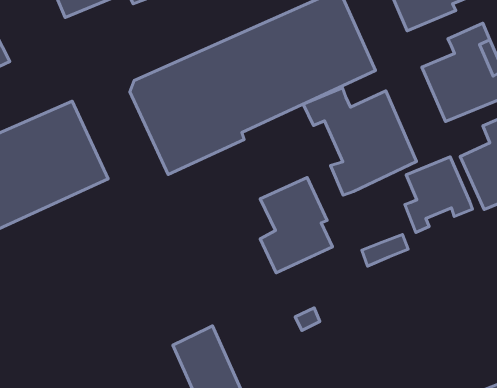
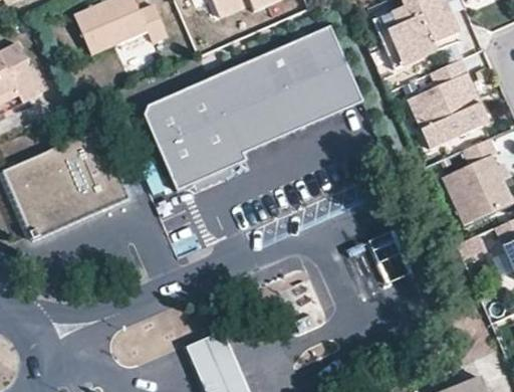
building: [303,88,417,195] -> none
building: [405,157,473,232] -> none
building: [260,177,332,273] -> none

